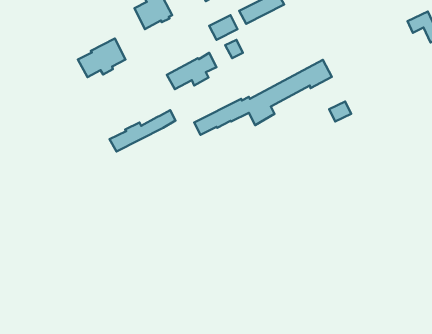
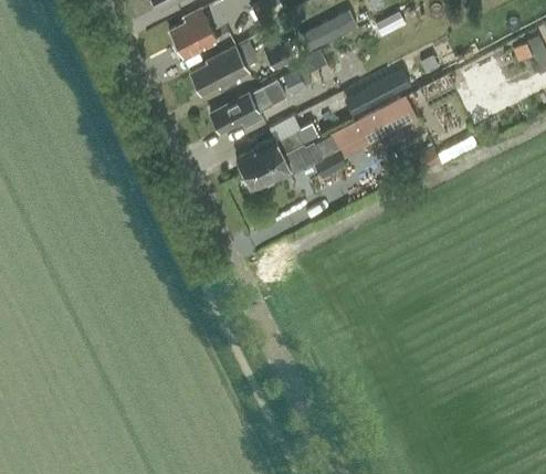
building: [78,38,125,77] -> [189,46,249,95]
building: none -> [359,70,410,107]
building: [109,110,175,151] -> [235,123,318,175]

